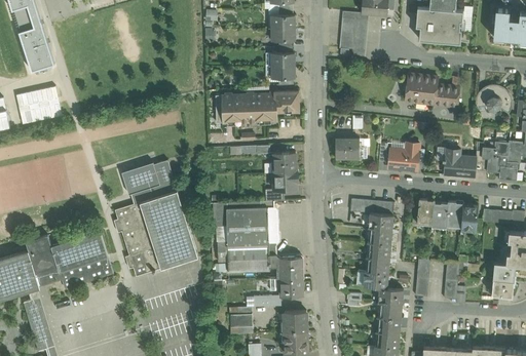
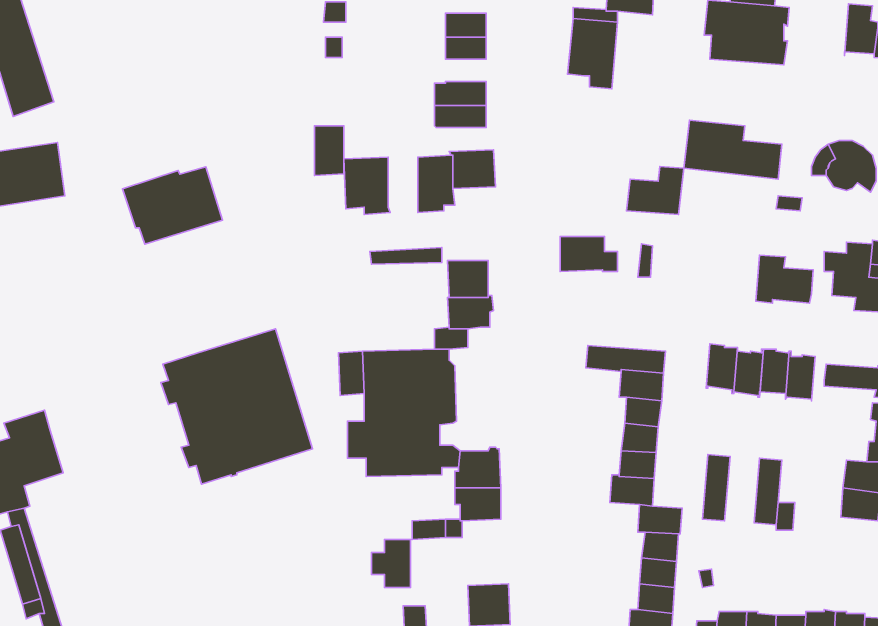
building: [239,94,256,122] -> [314,126,344,176]
building: [387,143,419,169] -> [627,166,684,214]
building: [121,160,177,203] -> [123,167,222,244]
building: [51,231,113,288] -> none
building: [279,311,306,332] -> none

